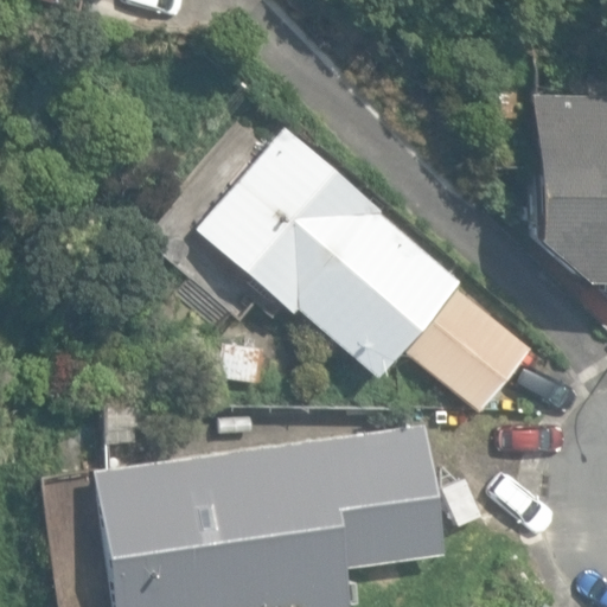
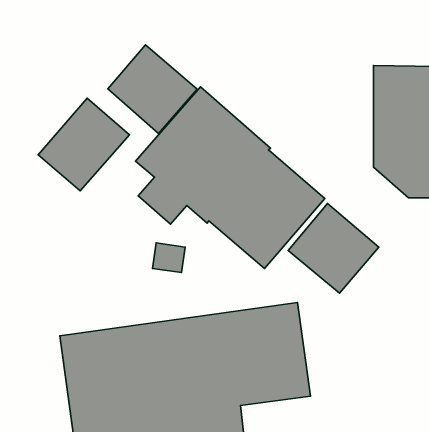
building: none -> [108,45,197,133]
building: none -> [38,98,129,191]

